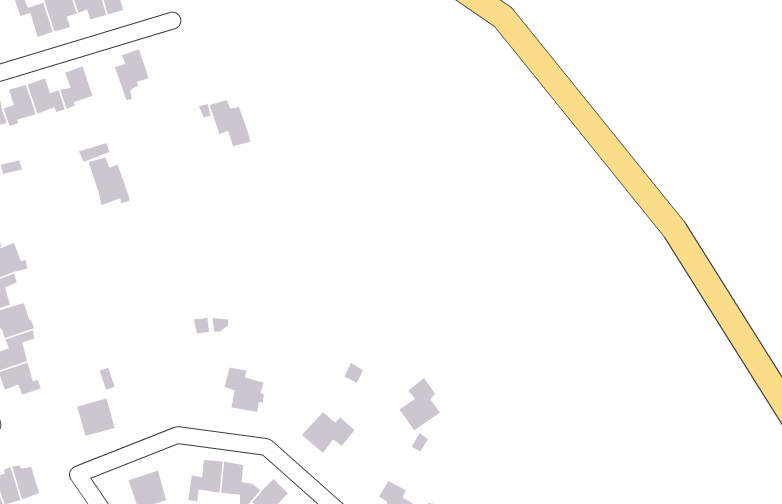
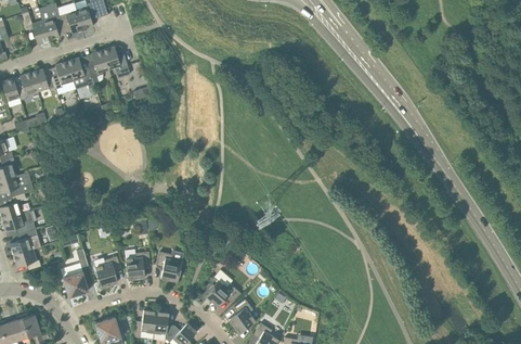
building: [209,99,251,147] -> [103,47,130,77]
building: [87,156,130,206] -> [67,58,94,89]
building: none -> [126,252,151,279]
building: none -> [95,256,121,286]
building: [398,377,441,432] -> [229,298,256,333]

